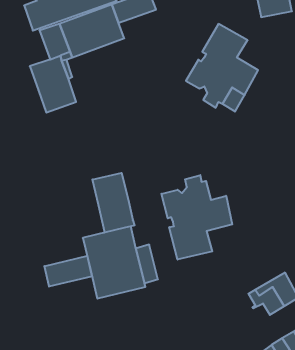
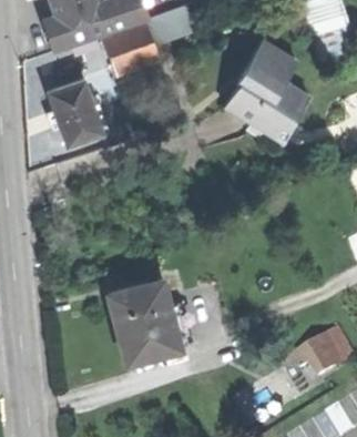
building: [92,173,135,233] -> none
building: [161,175,232,260] -> none
building: [44,256,92,287] -> none

